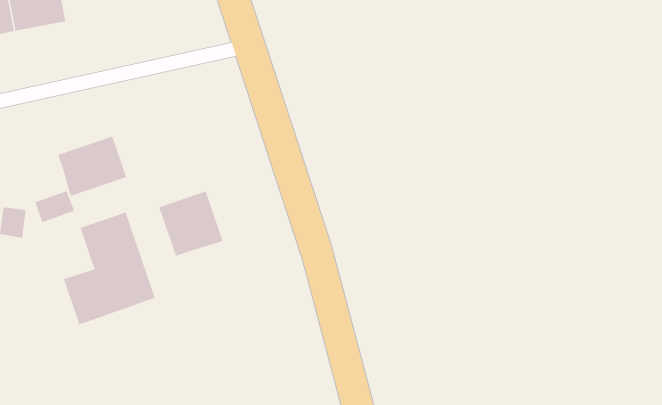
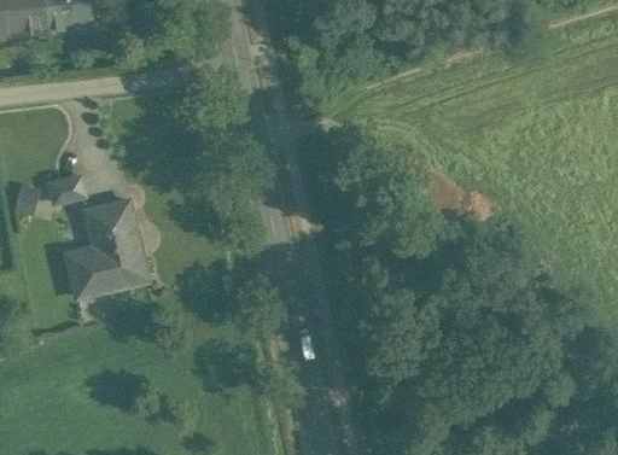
building: [57,136,127,197] -> none
building: [158,191,224,257] -> none

